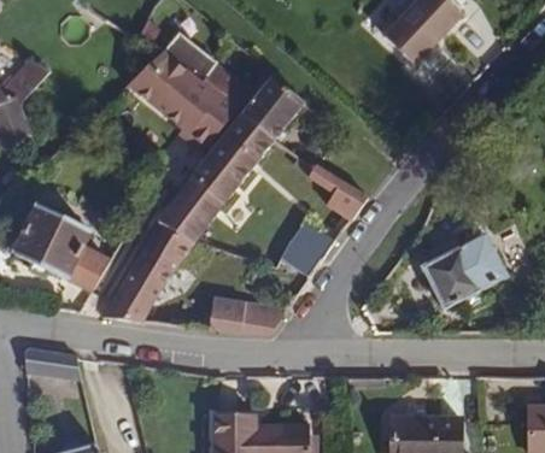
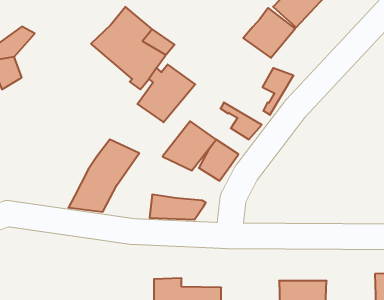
building: [236,71,309,141] -> [243,8,295,58]
building: none -> [263,68,293,115]
building: [156,169,230,237] -> [163,121,216,170]
building: [10,200,110,289] -> none
building: [423,233,509,308] -> none
building: [24,346,82,380] -> none

